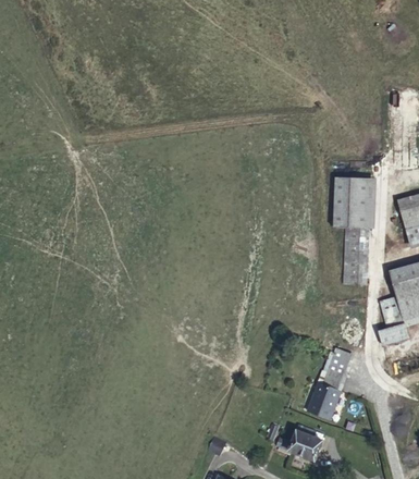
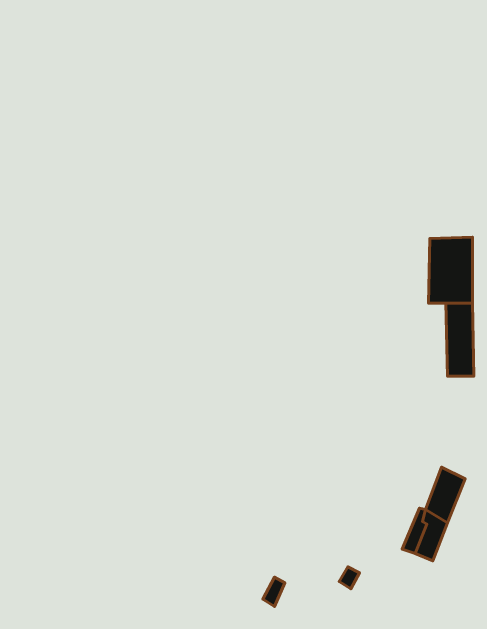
building: [280,430,330,463] -> none

